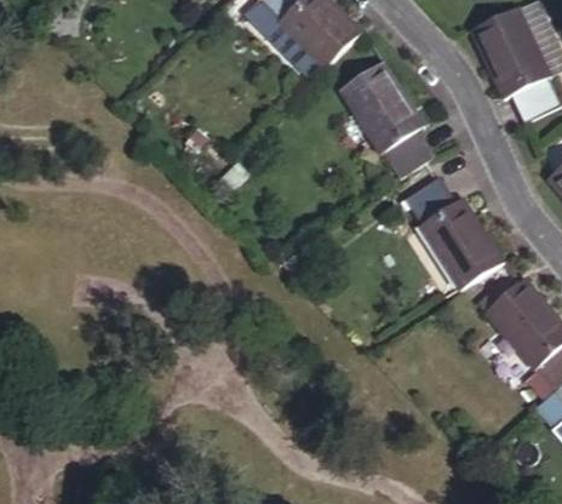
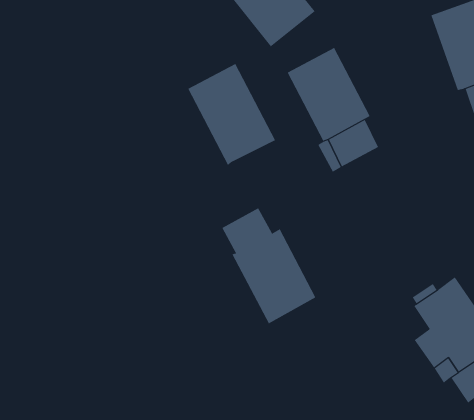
building: none -> [188,63,276,166]
building: [402,176,500,287] -> [221,208,316,324]

